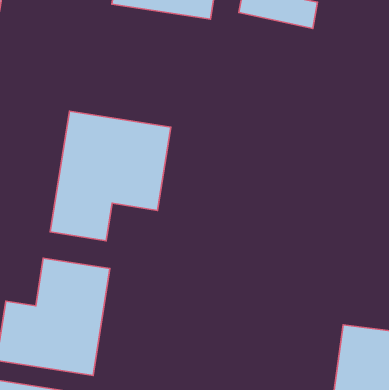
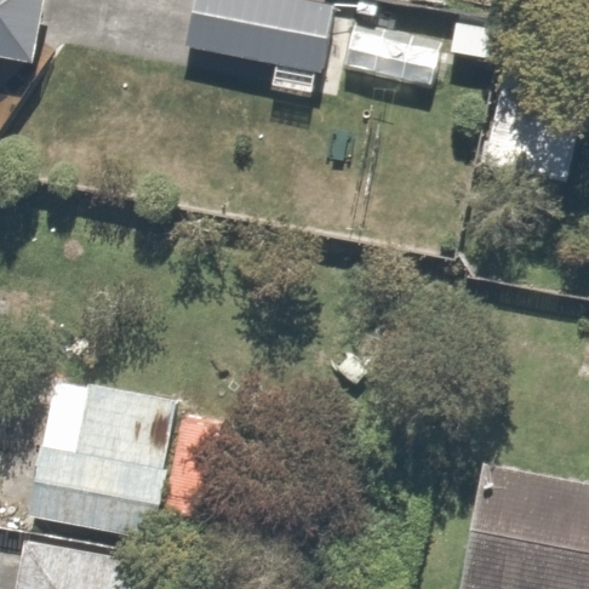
building: [50,111,171,241] -> none

